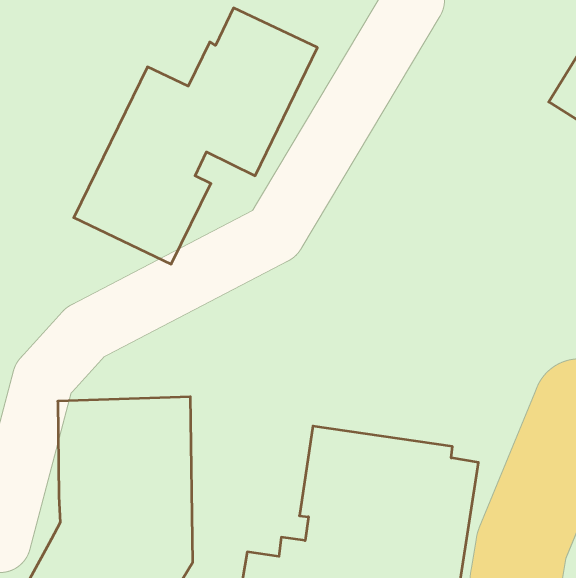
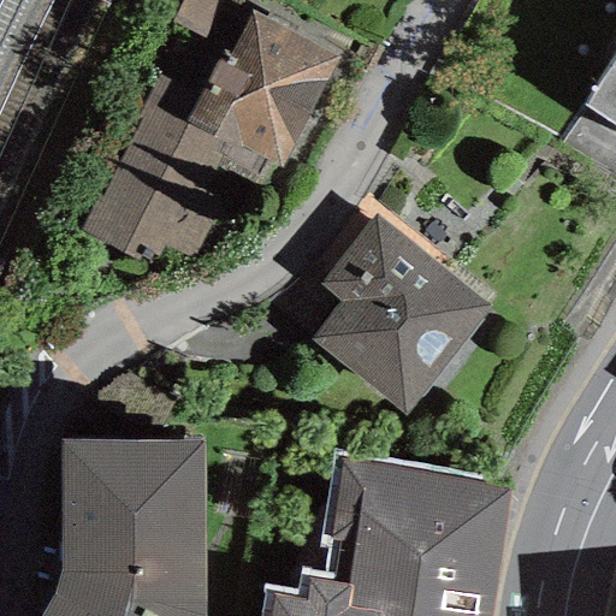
building: none -> [313,215,494,416]

